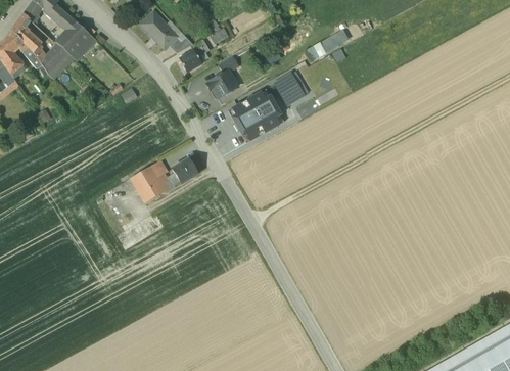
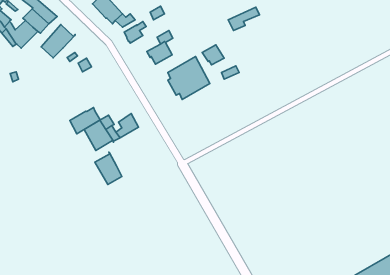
building: none -> [41,24,75,58]
building: none -> [70,108,100,134]
building: none -> [95,152,122,184]

